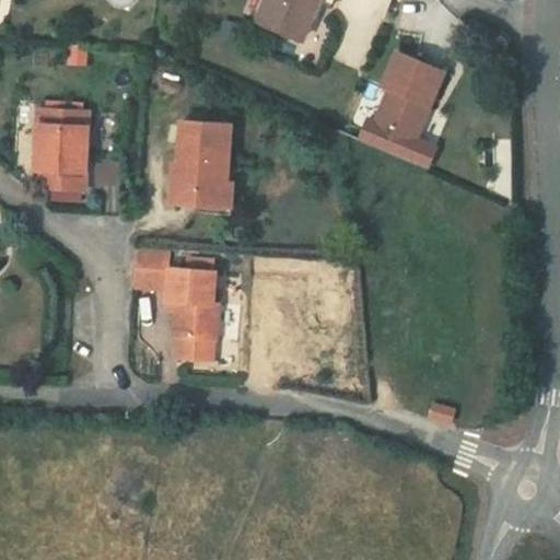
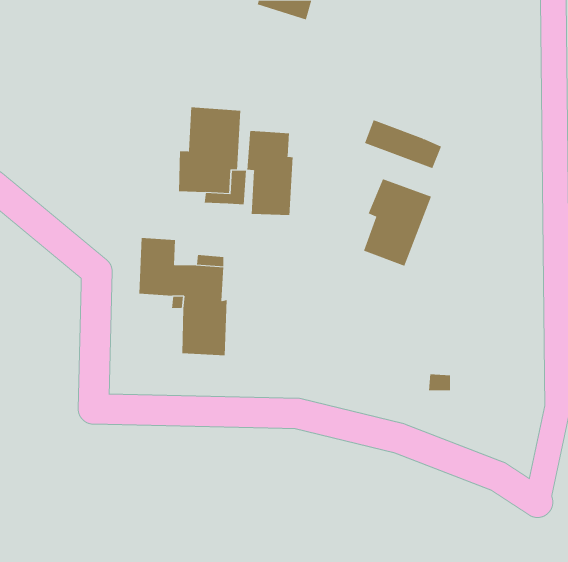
building: [371,62,438,148] -> [363,179,432,266]
building: [32,107,85,186] -> none
building: none -> [247,130,293,216]

